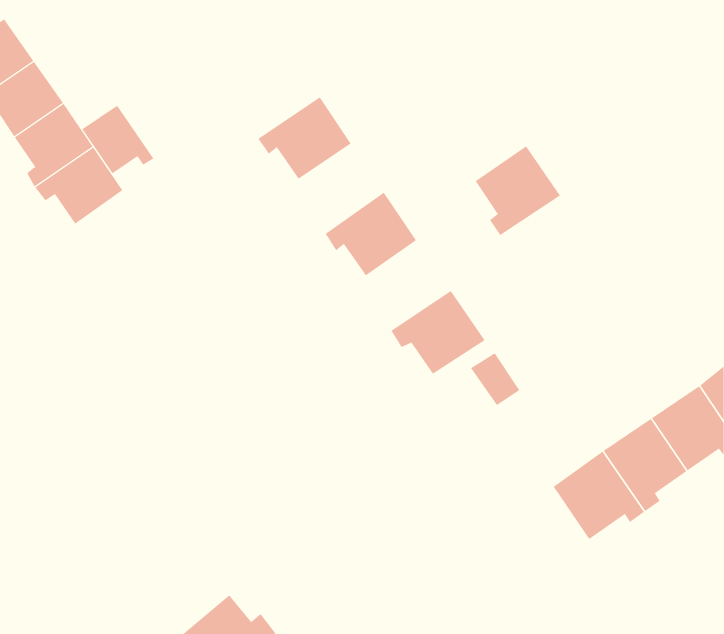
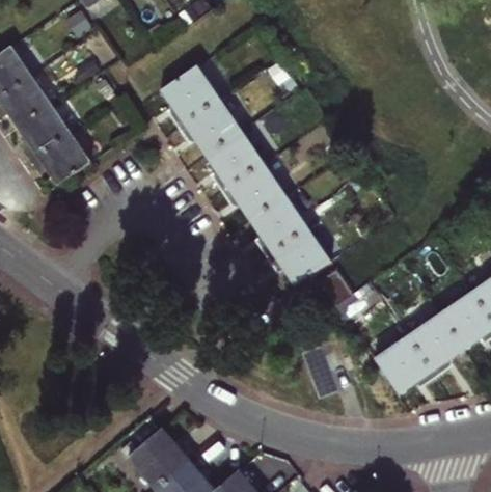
building: none -> [161,64,220,127]
building: [82,105,154,174] -> none
building: none -> [206,130,263,190]
building: [475,145,561,236] -> [250,194,307,254]

